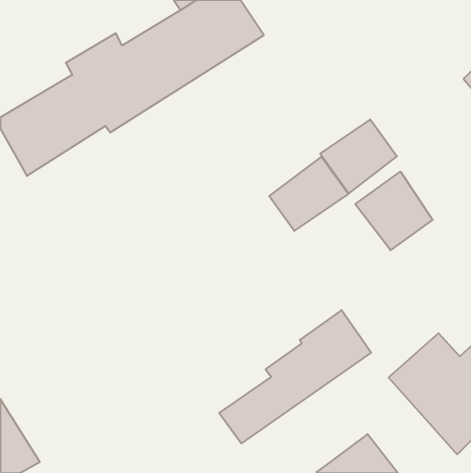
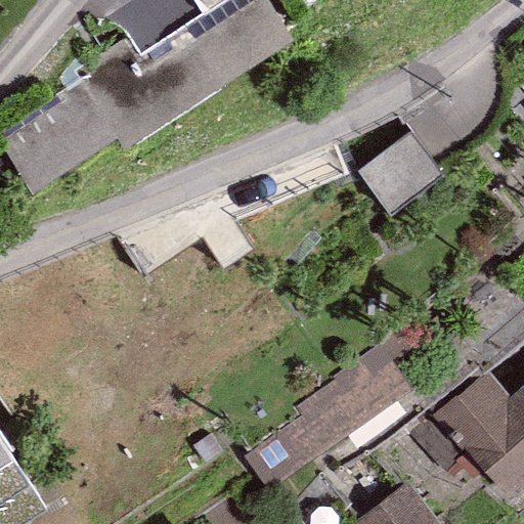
building: [269,157,348,231] -> none
building: [355,172,433,250] -> none

